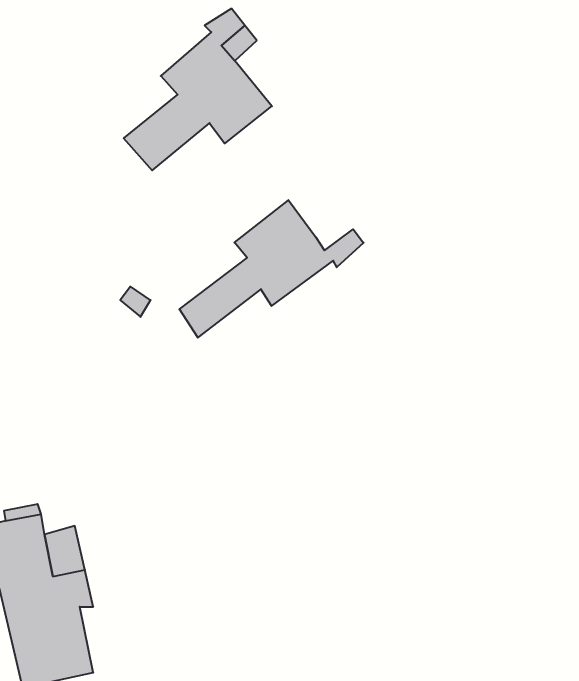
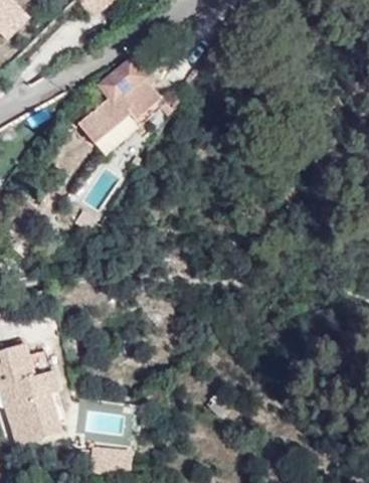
building: [179,200,364,338] -> none

